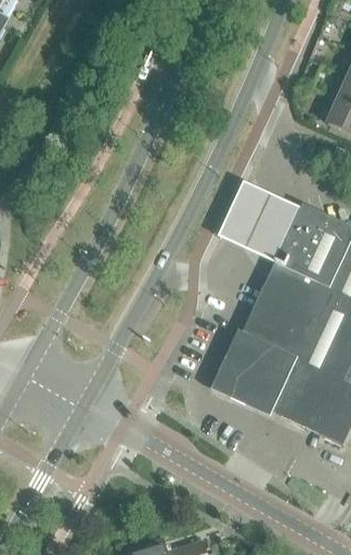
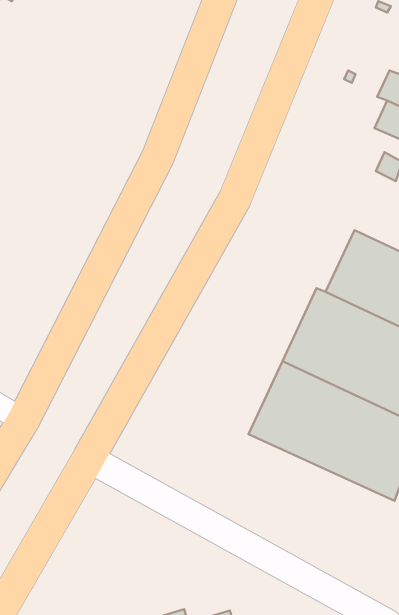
building: [219,179,310,262] -> none

